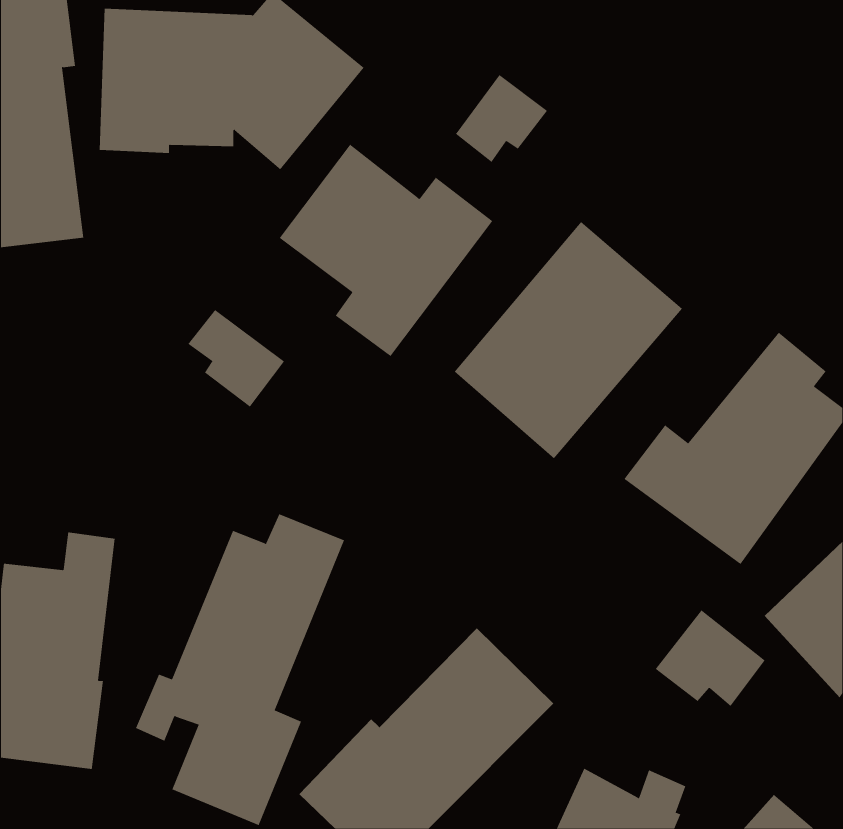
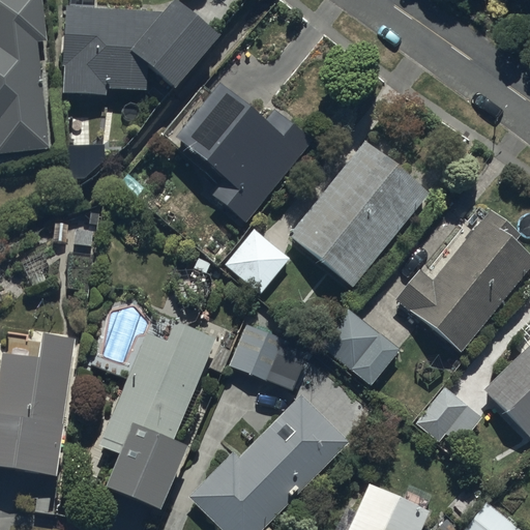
building: [455,74,548,163] -> none
building: [187,309,285,408] -> none
building: none -> [223,226,291,293]
building: none -> [315,302,401,386]
building: none -> [228,322,302,384]

